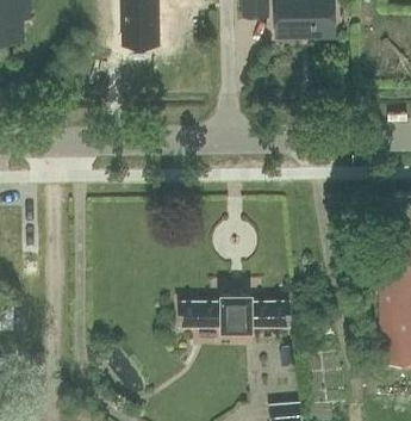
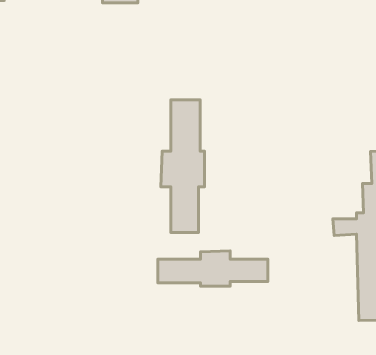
building: none -> [161,100,204,233]

